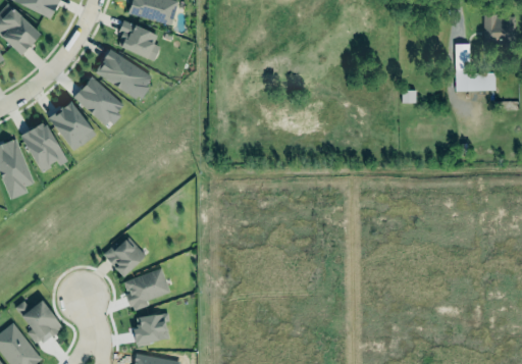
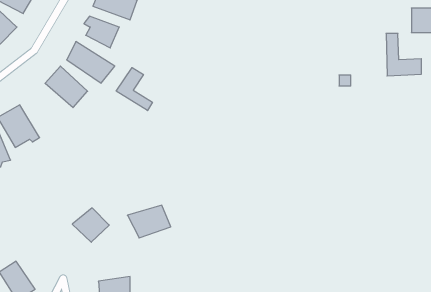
building: none -> [116,68,152,111]
building: [50,99,98,148] -> none
building: [121,271,170,308] -> [127,205,171,238]

